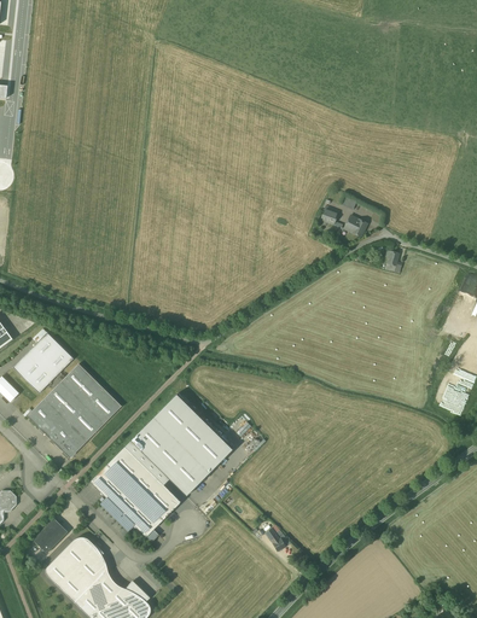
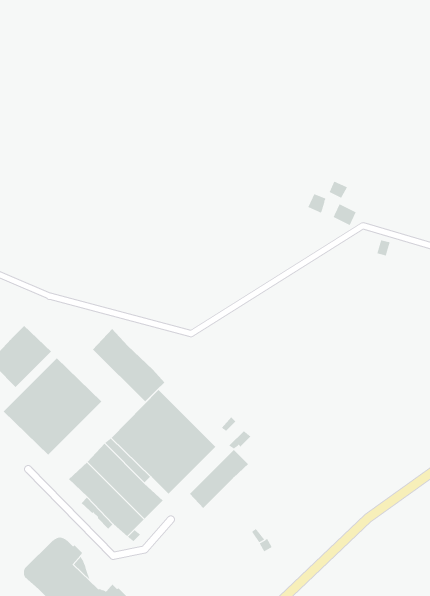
building: none -> [92,328,165,402]
building: none -> [189,449,249,509]
building: [33,518,68,553] -> none

